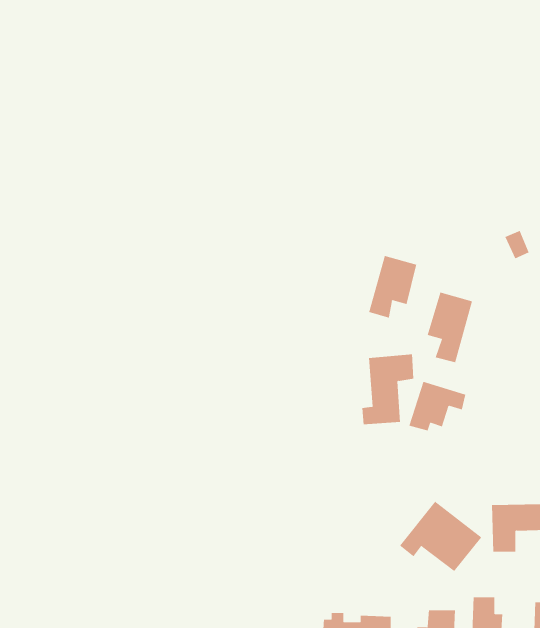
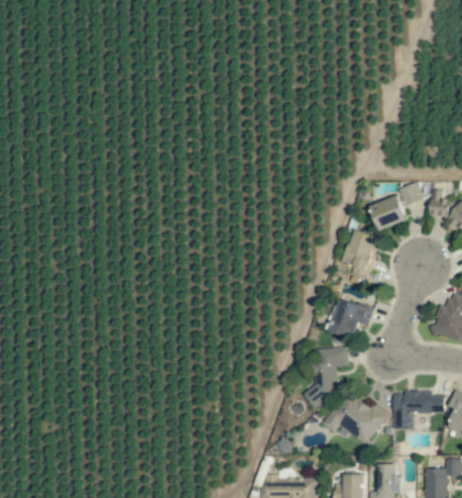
building: none -> [369,194,408,230]
building: [369,255,417,319] -> none
building: [361,354,414,425] -> [308,346,348,401]

